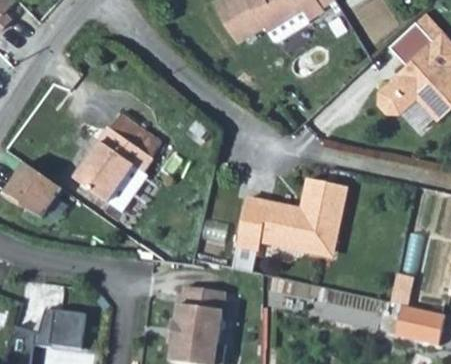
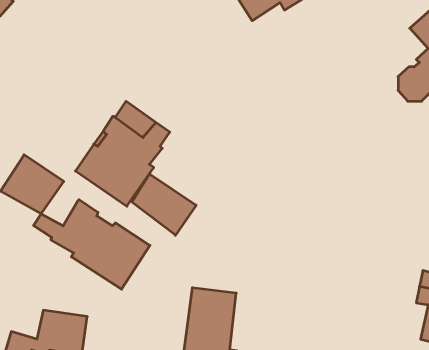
building: [238,178,347,252] -> none
building: none -> [132,174,196,235]
building: none -> [34,200,150,289]

